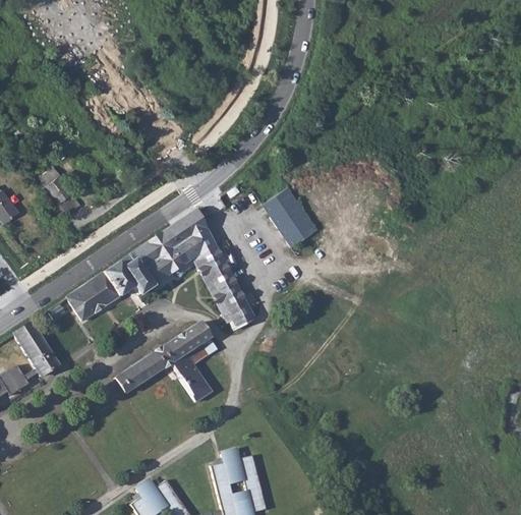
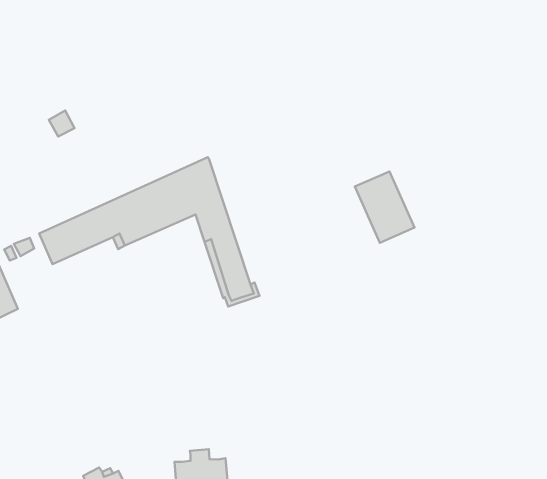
building: [41,166,71,202] -> none
building: [263,186,317,246] -> [355,171,414,243]
building: [115,322,217,402] -> none

